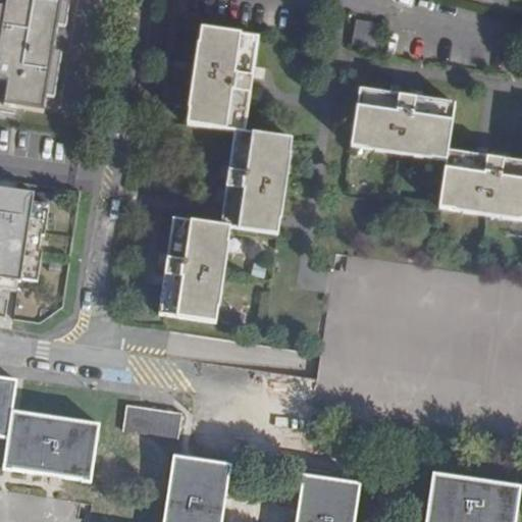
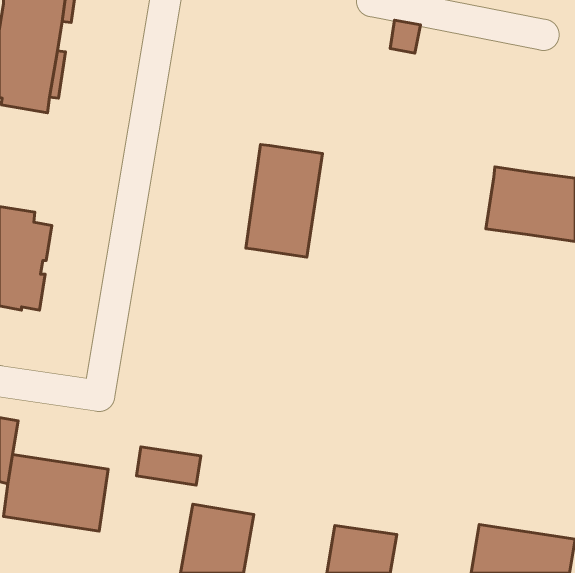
building: [188,30,258,132] -> none
building: [352,90,455,160] -> none
building: [160,217,229,320] -> none

